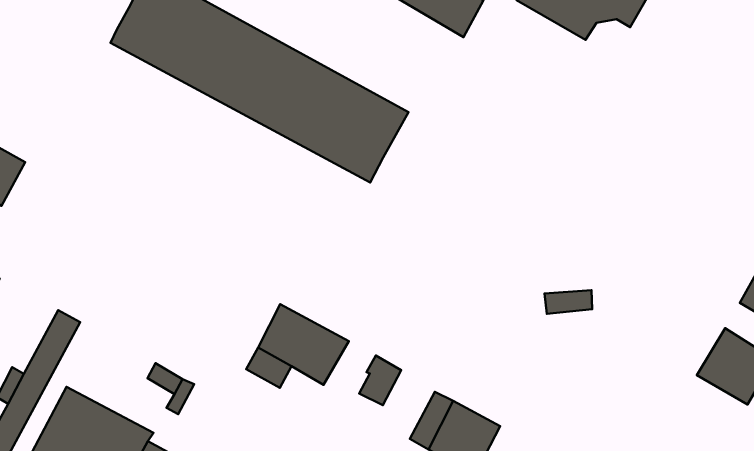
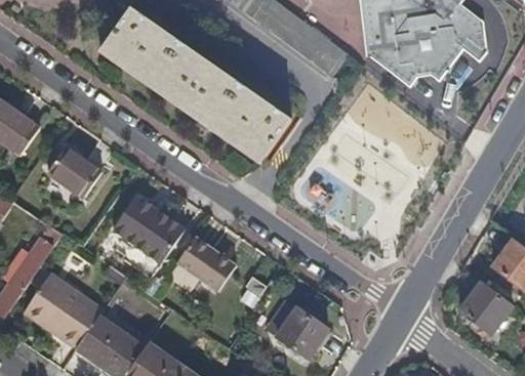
building: none -> [46,144,100,196]
building: none -> [117,197,184,260]

